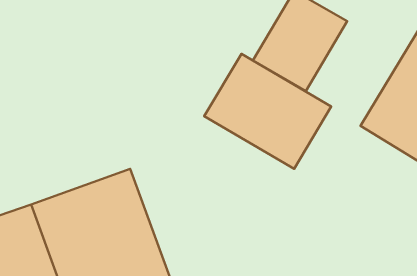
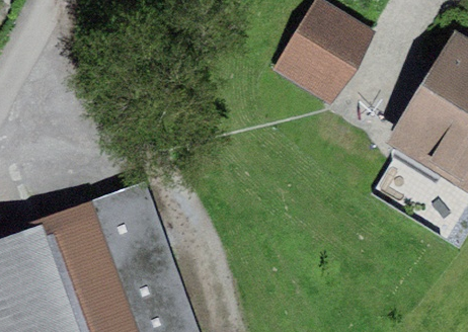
building: [204,54,331,169] -> none

